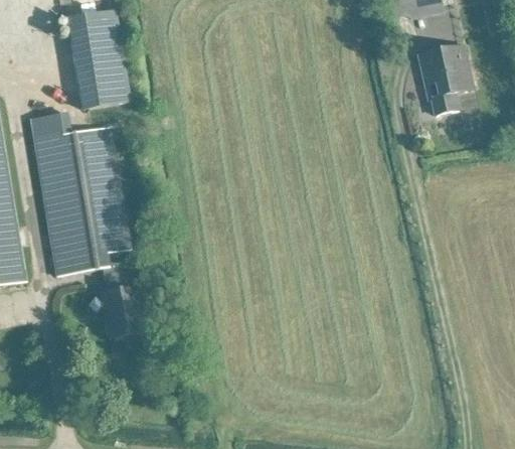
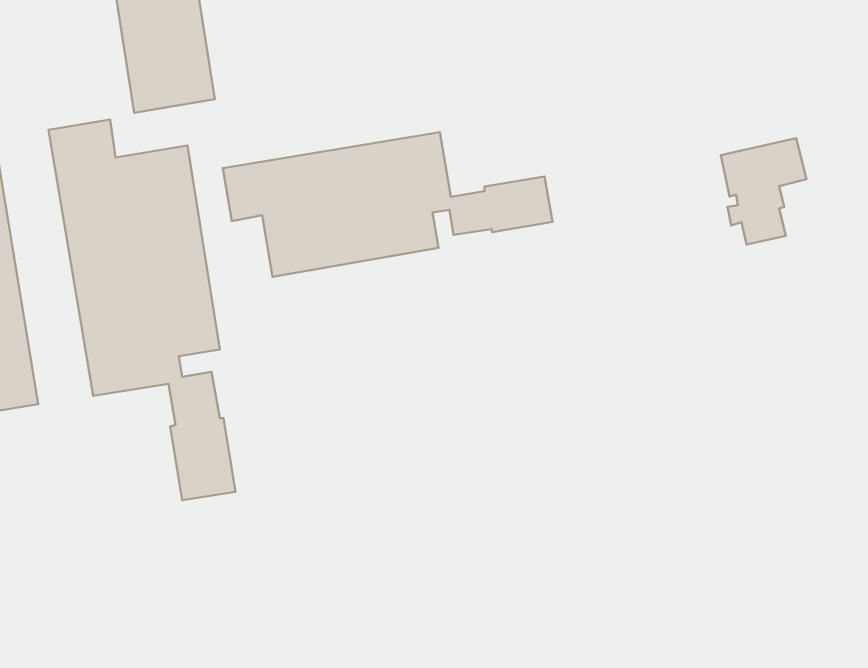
building: [420,50,471,113] -> [721,138,807,244]
building: none -> [223,132,552,277]

